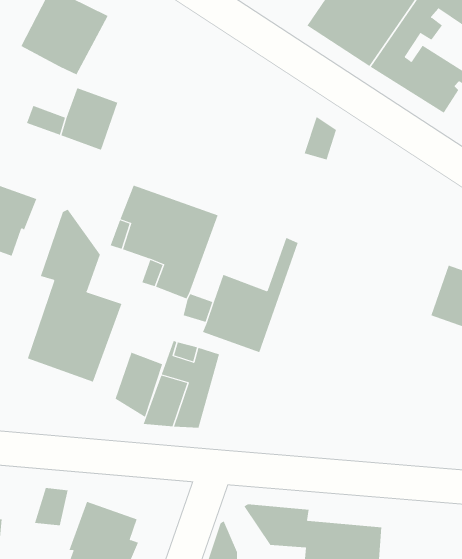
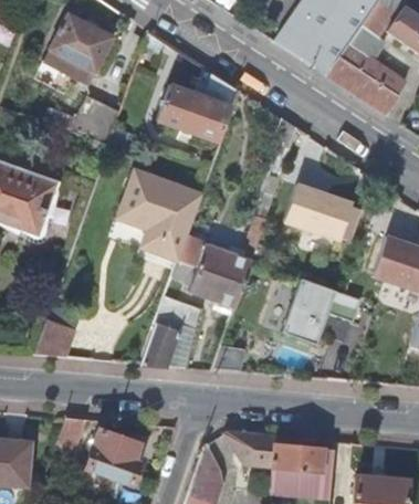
building: none -> [158,73,241,140]
building: none -> [284,182,354,241]
building: [27,209,122,382] -> none
building: none -> [282,279,362,344]
building: [115,352,163,418] -> none
building: none -> [35,318,76,357]

